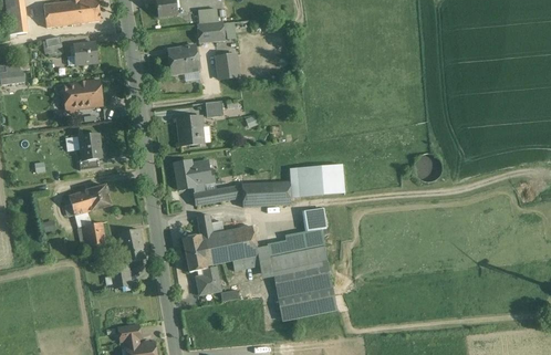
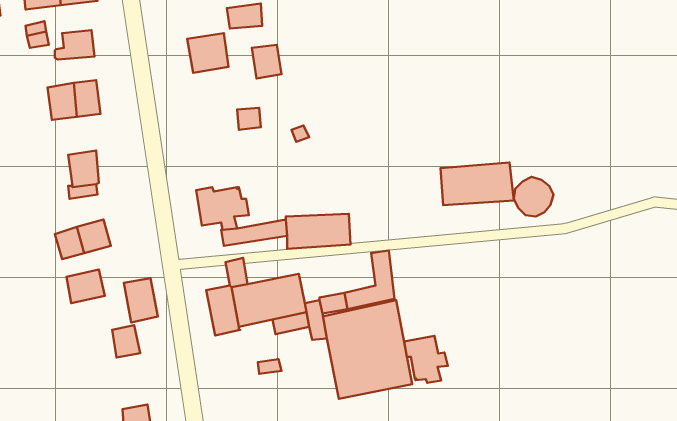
building: [177,116,209,145] -> none
building: [289,164,344,196] -> [440,162,514,205]
building: [196,267,219,294] -> none
building: none -> [404,336,448,383]

